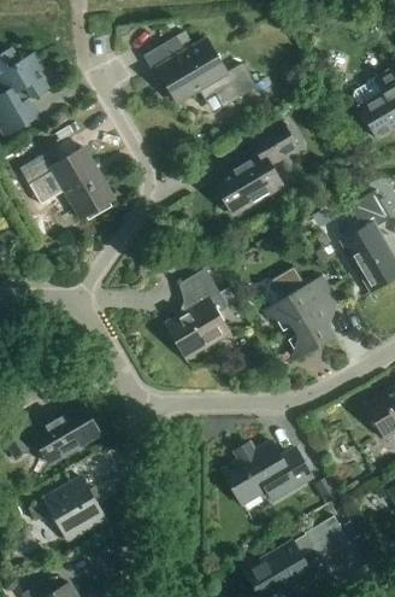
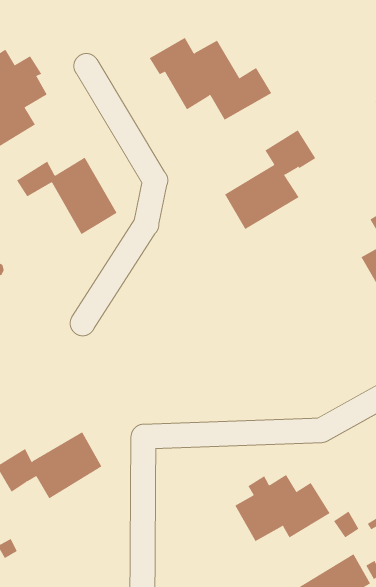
building: [165,268,230,358] -> none
building: [264,268,338,362] -> none
building: [29,478,106,539] -> none

